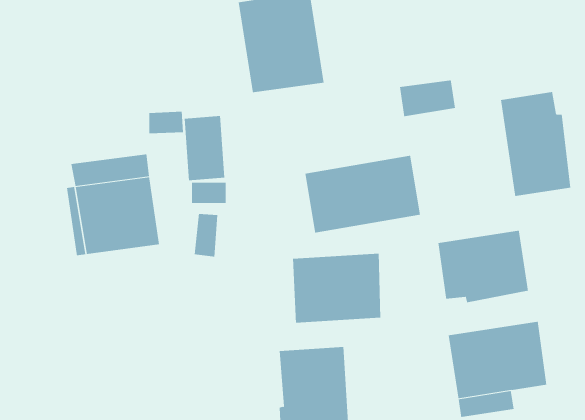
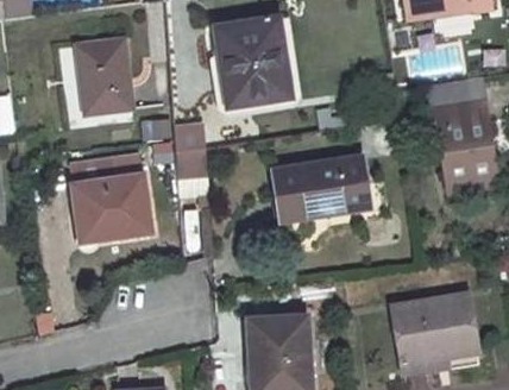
building: none -> [78,39,133,112]
building: [399,80,456,117] -> [433,78,480,109]
building: [438,230,529,303] -> none
building: [292,253,381,324] -> none

